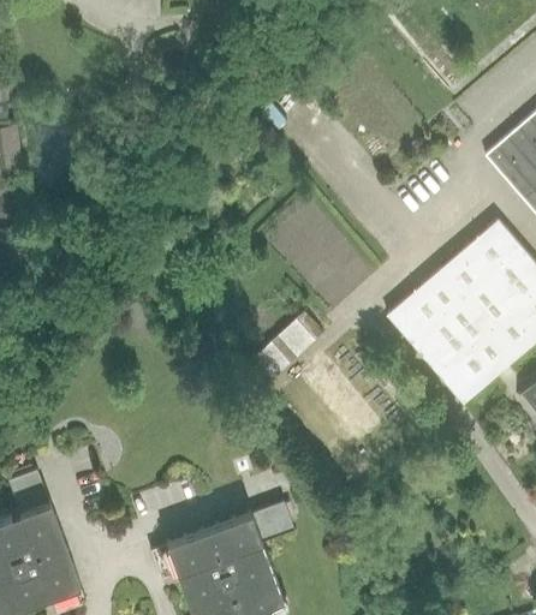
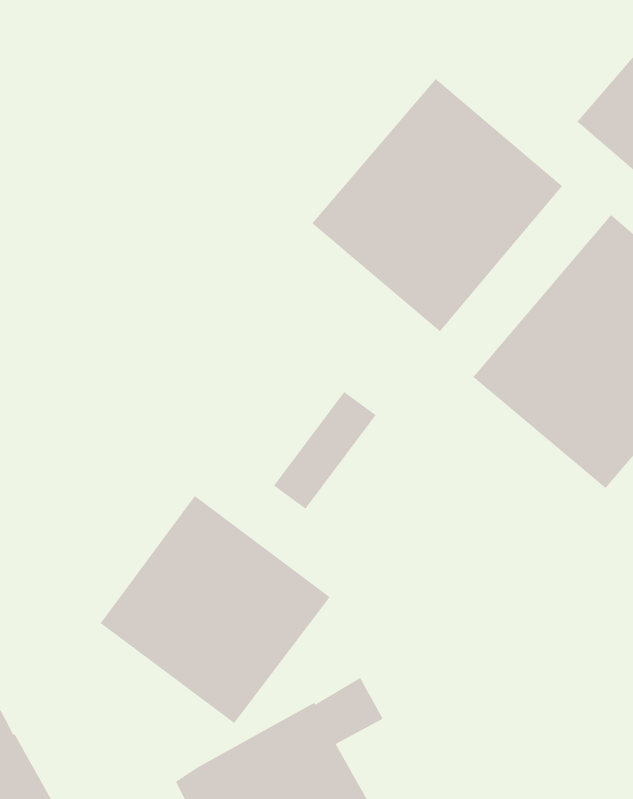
building: none -> [312,78,563,332]
building: none -> [100,495,331,724]

